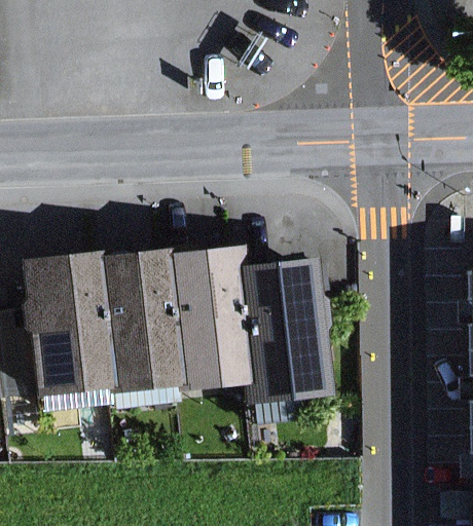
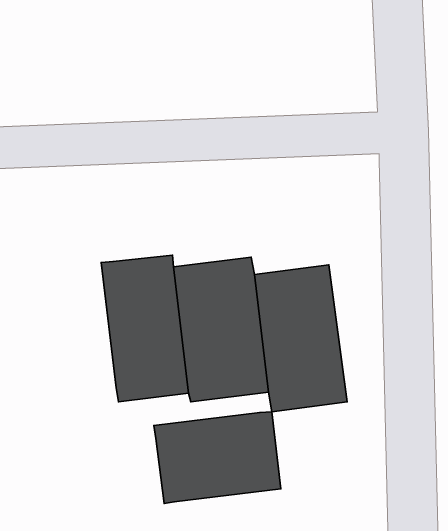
building: [22,241,116,389] -> none
building: none -> [154,412,281,504]

